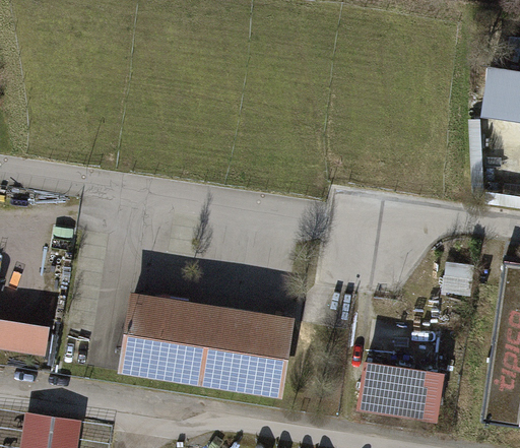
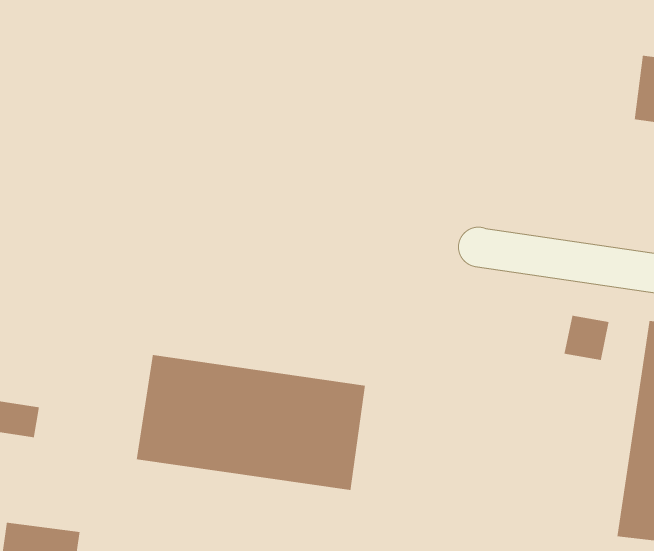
building: [359,363,449,423] -> none

